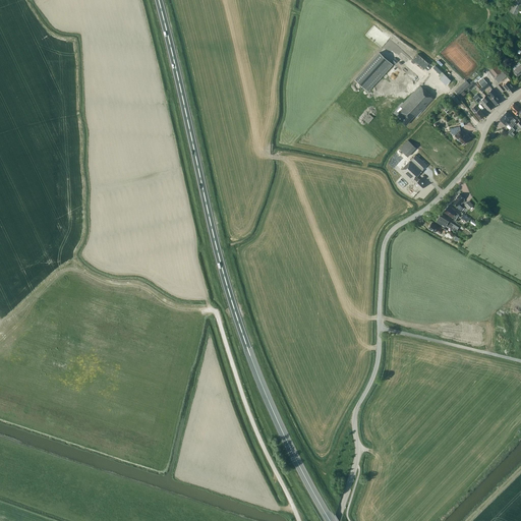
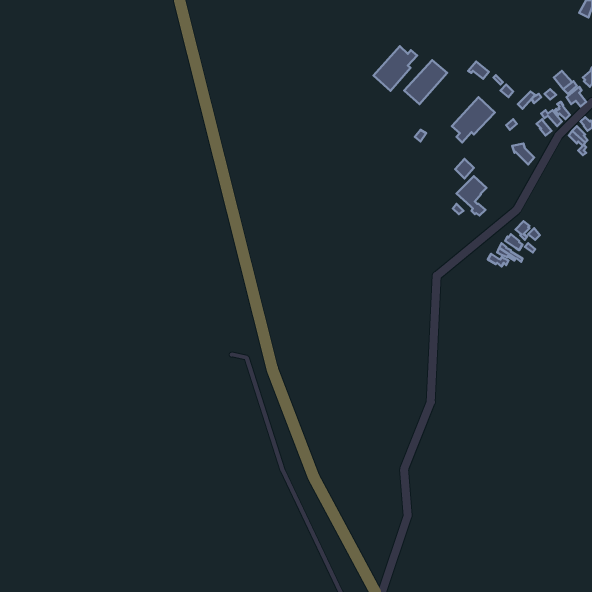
building: none -> [373,46,417,91]

